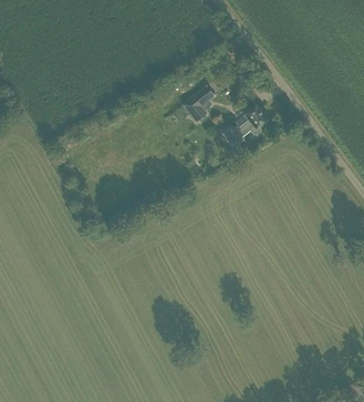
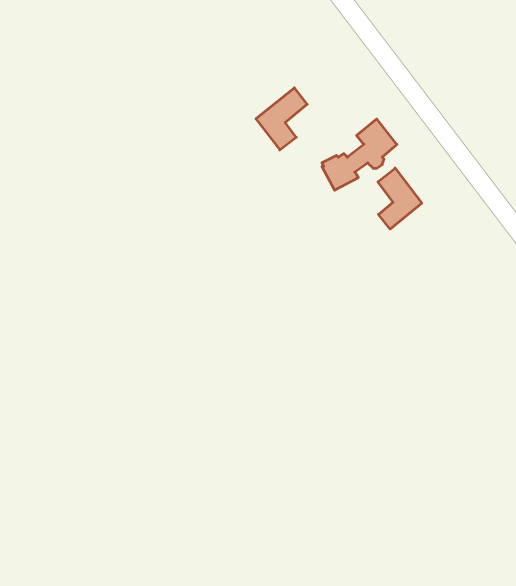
building: none -> [378,168,422,229]

